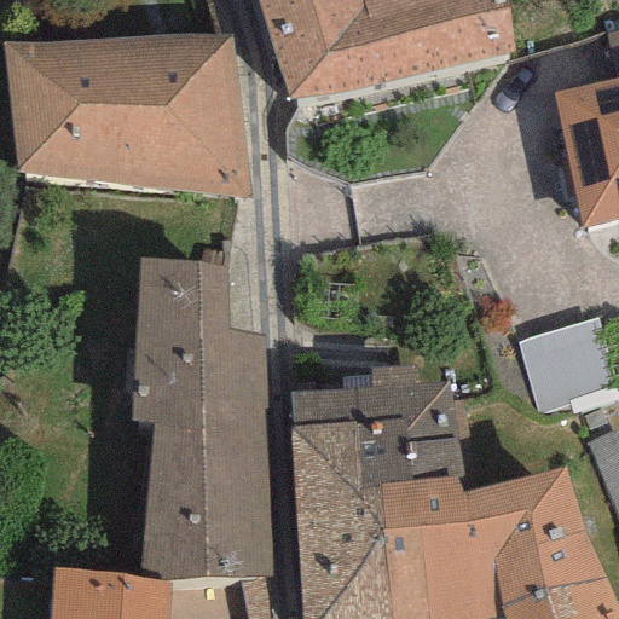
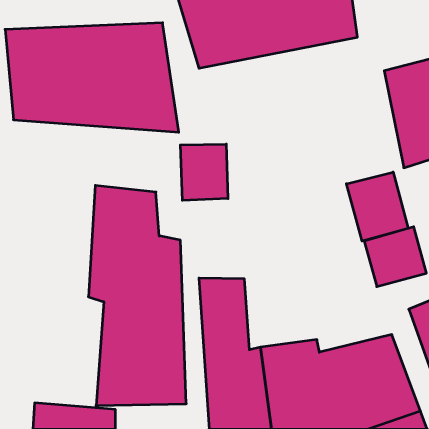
building: none -> [180,144,228,200]
building: none -> [346,172,408,241]
building: [353,374,469,502] -> none

